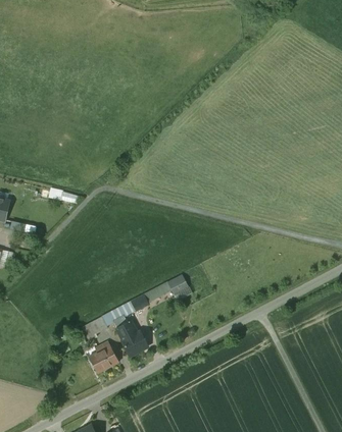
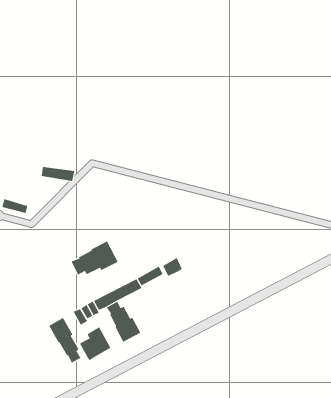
building: none -> [71,240,118,275]
building: none -> [48,317,81,364]

